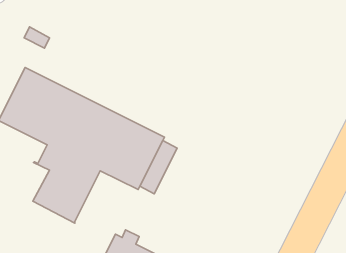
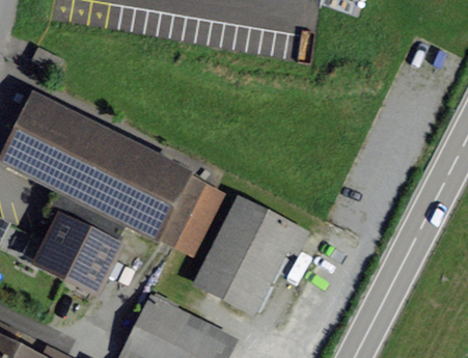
building: none -> [201,200,307,311]

